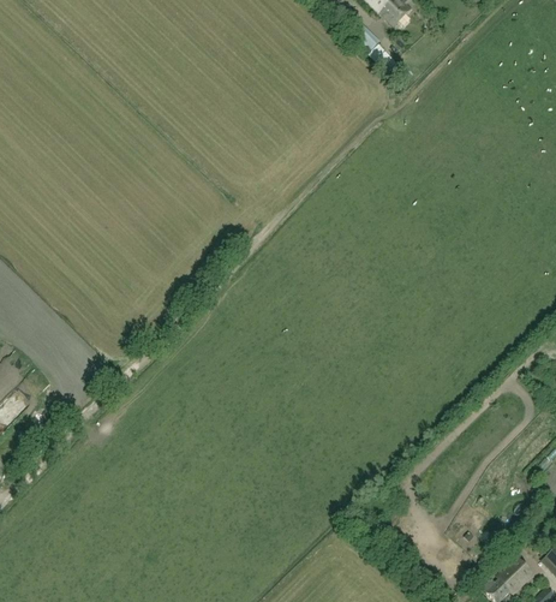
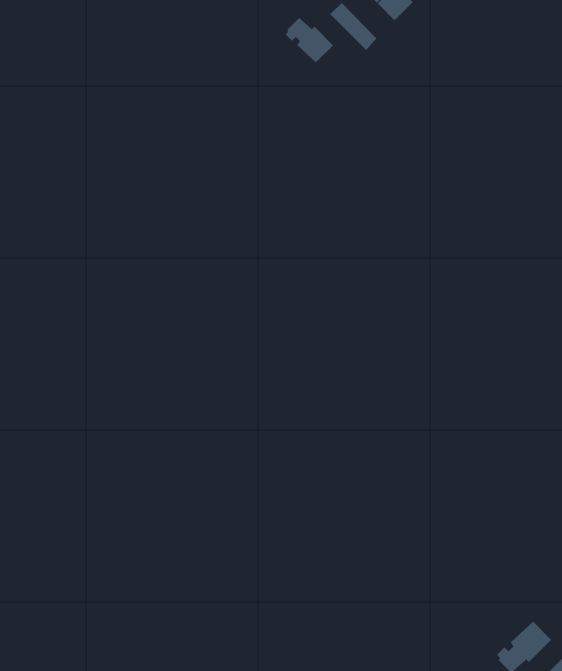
building: none -> [285,17,334,63]

